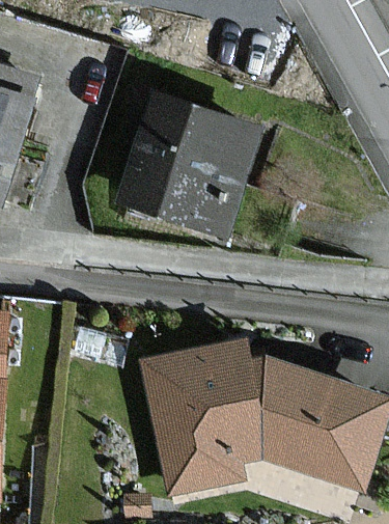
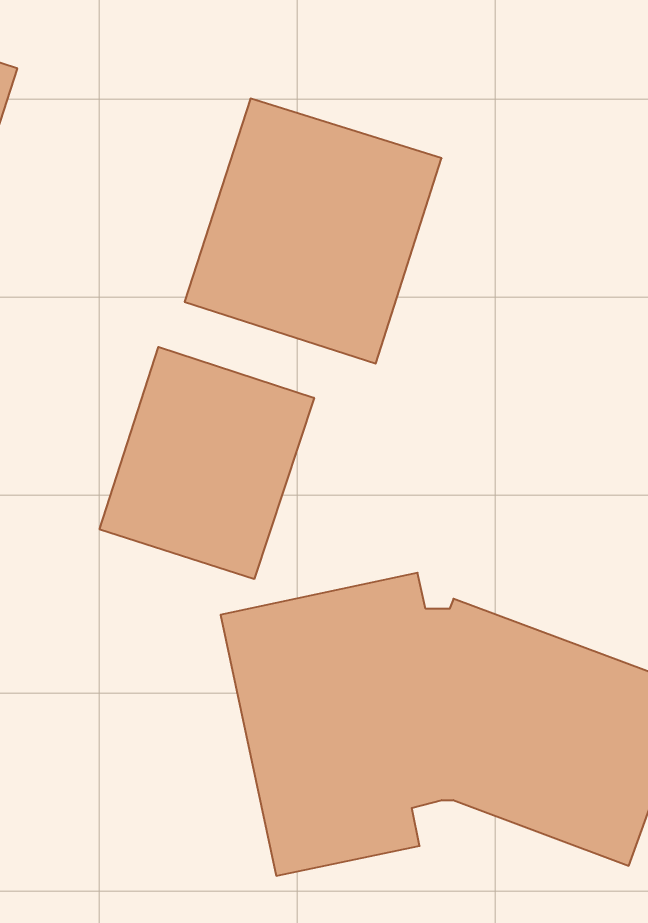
building: none -> [100,347,314,579]

